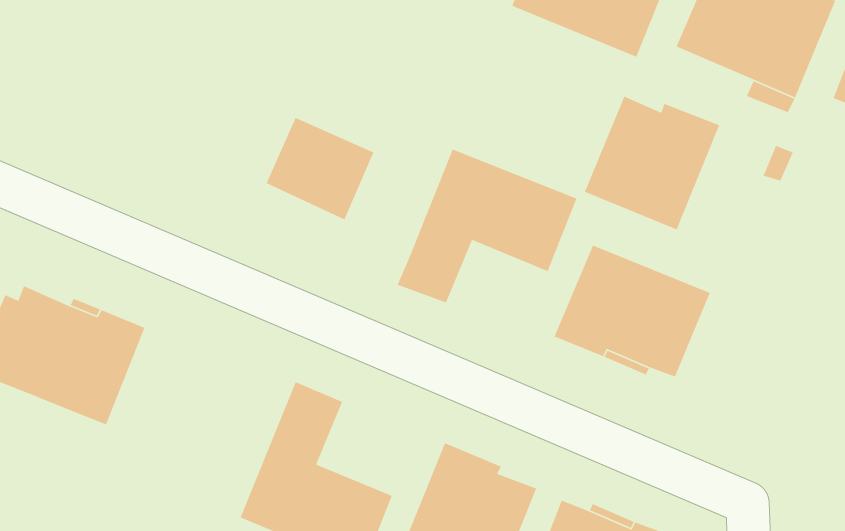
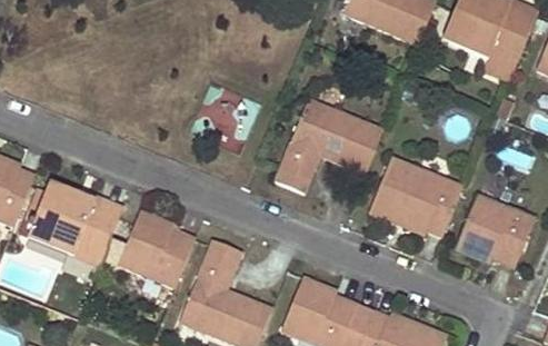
building: [584,95,720,231] -> none
building: none -> [456,195,536,268]
building: none -> [119,210,196,288]

